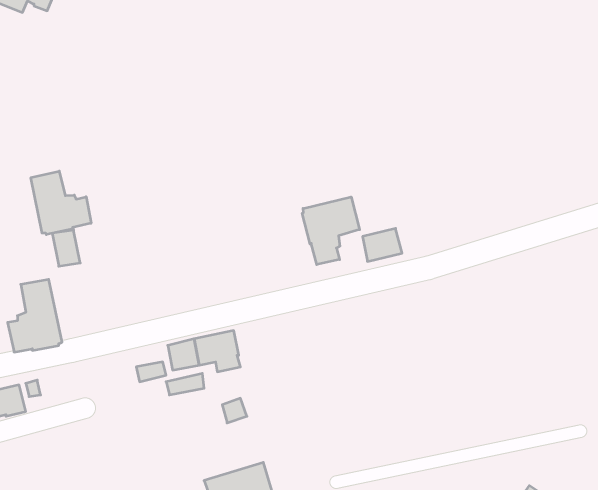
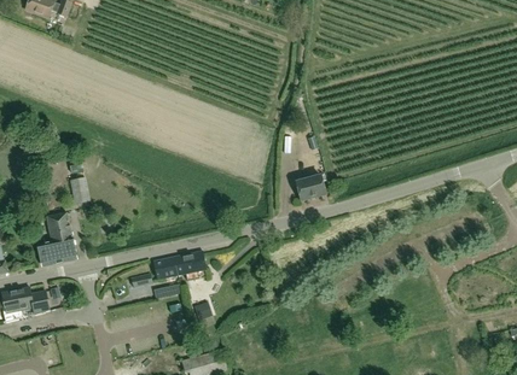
building: [31,171,91,235] -> none
building: [302,197,360,265] -> none

